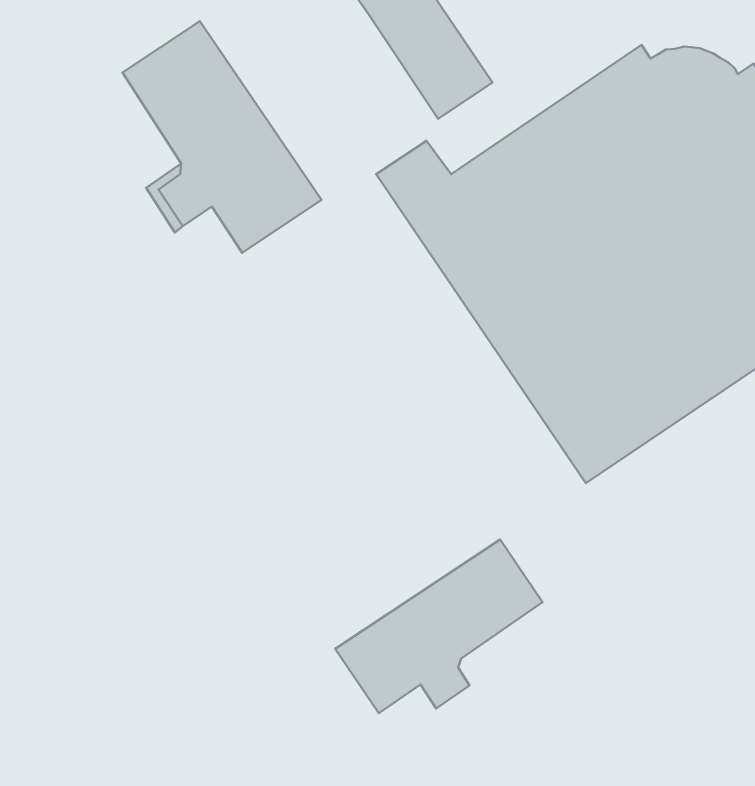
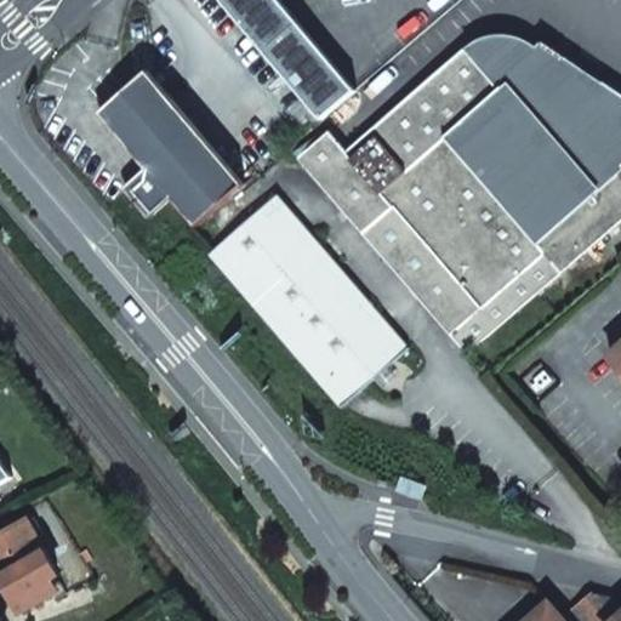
building: none -> [201,189,401,403]
building: [335,539,543,713] -> none

